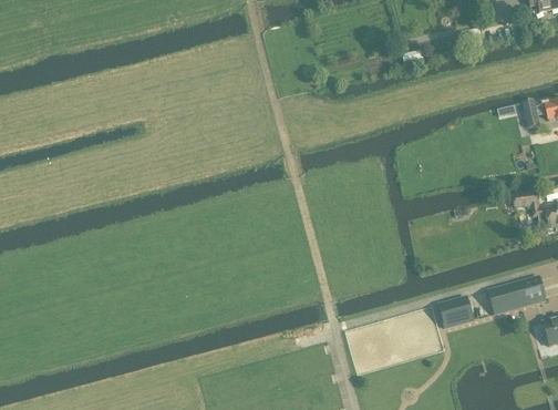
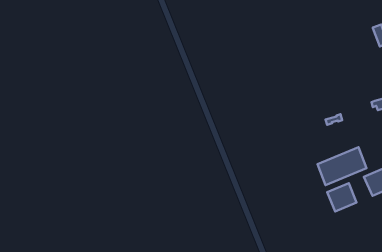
building: none -> [317,147,367,185]

